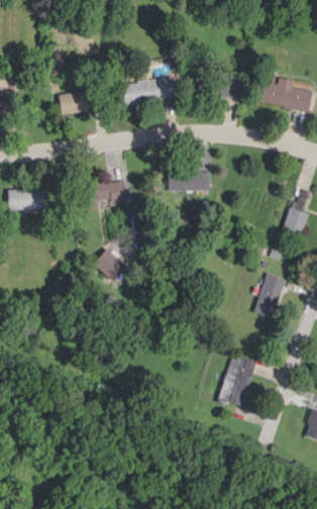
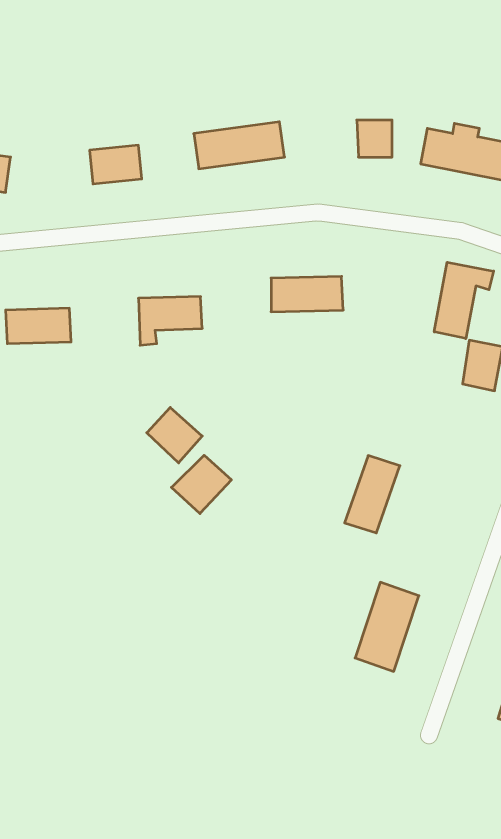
building: none -> [434,262,494,339]
building: [252,273,286,319] -> [345,456,400,533]
building: none -> [171,455,231,514]

